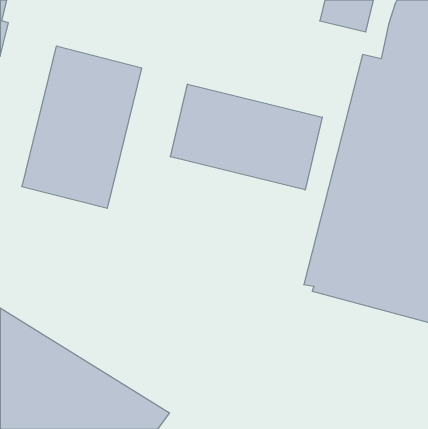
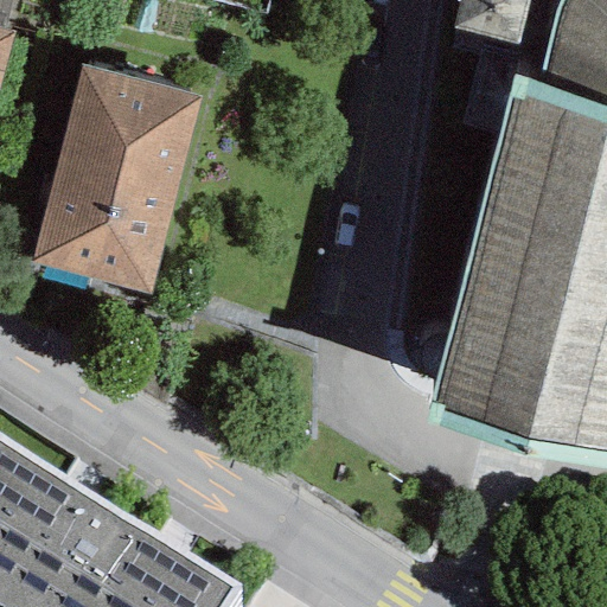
building: [171,84,322,190] -> none

